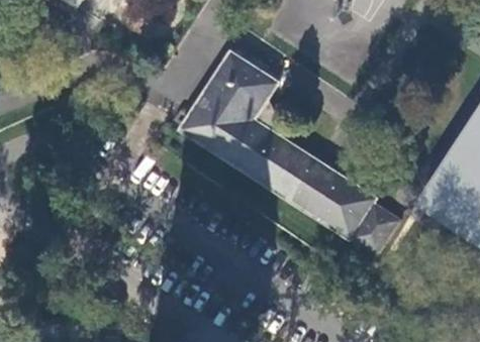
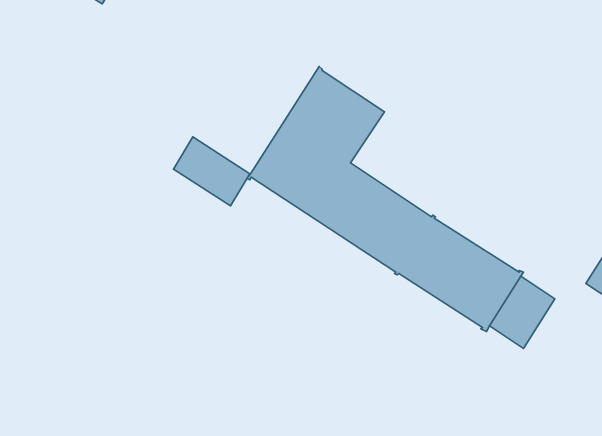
building: none -> [174,137,250,206]

